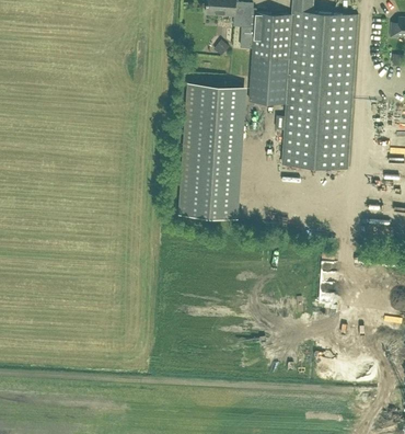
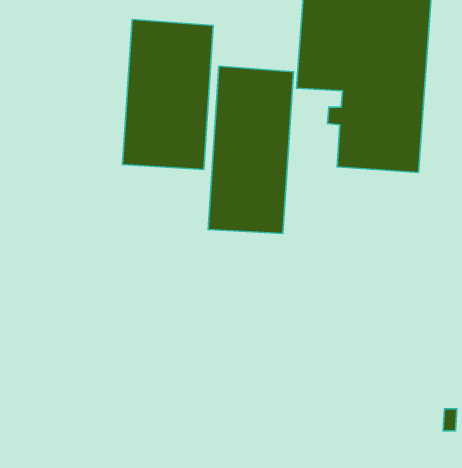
building: none -> [122,19,213,170]

